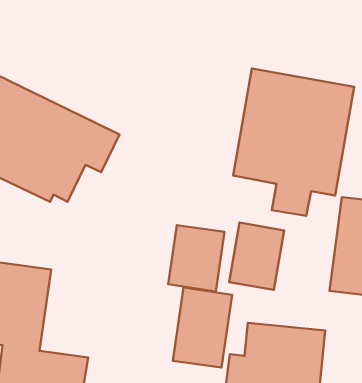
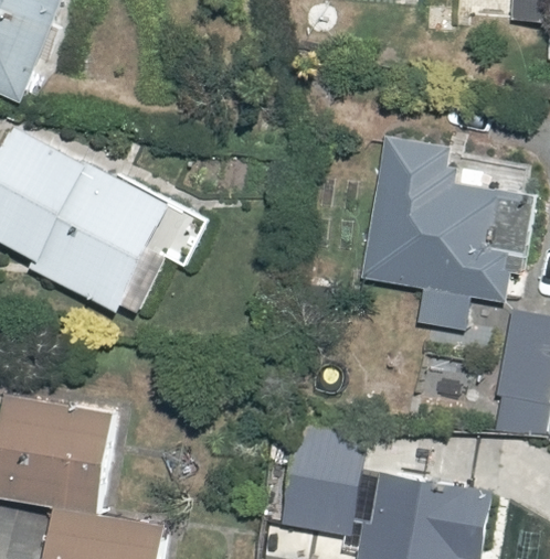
building: [229,222,284,290] -> none
building: [168,225,225,291] -> none

